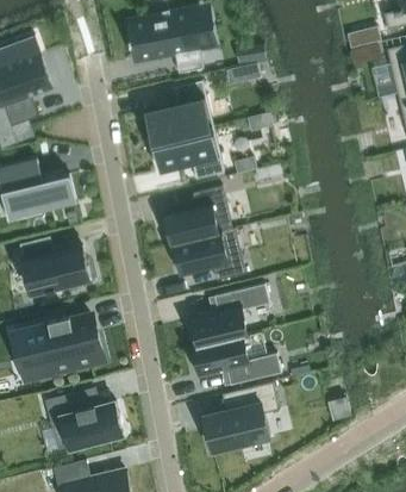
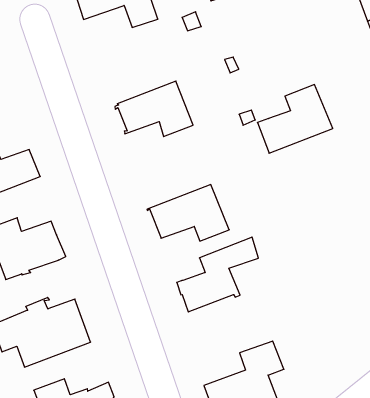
building: [144,82,212,144] -> none
building: [163,187,232,245] -> [257,85,333,153]
building: [193,335,280,385] -> none

